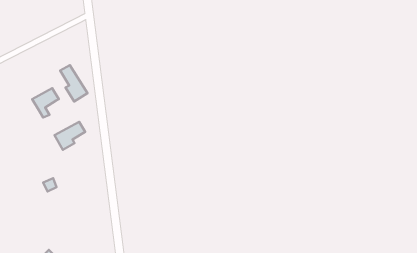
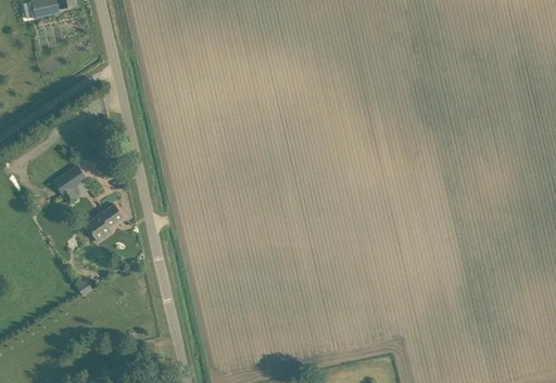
building: [60,65,87,101] -> none

